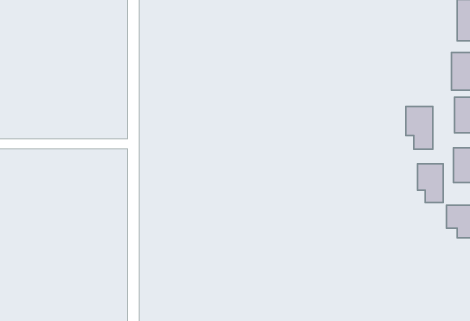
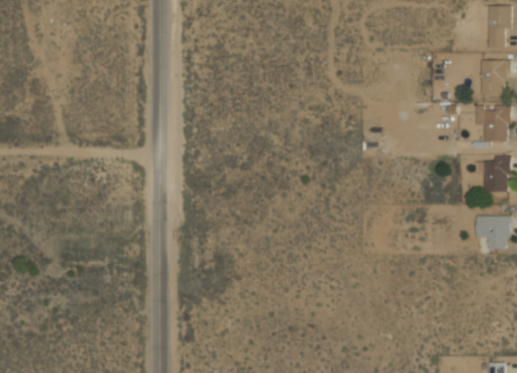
building: [406,107,433,149] -> none
building: [418,164,443,203] -> none

